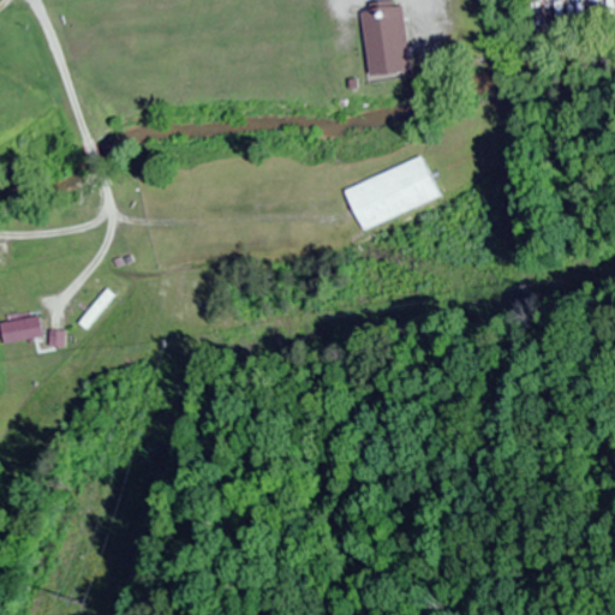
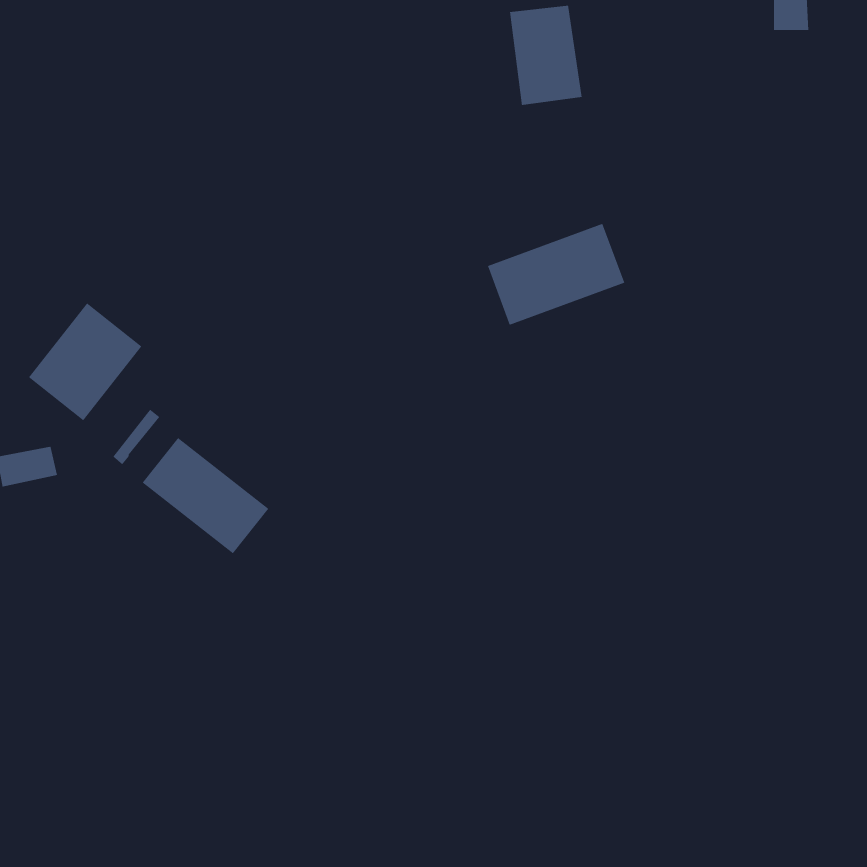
building: none -> [28,303,142,421]
building: none -> [142,437,269,554]

